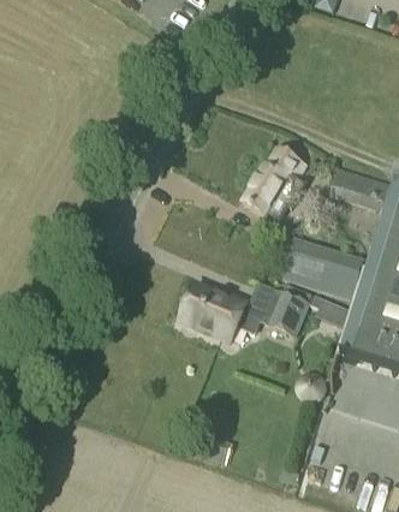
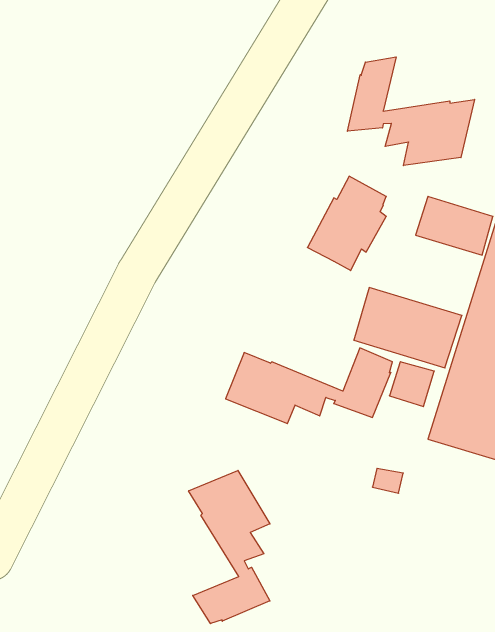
building: none -> [347,57,475,166]
building: none -> [189,470,270,624]

